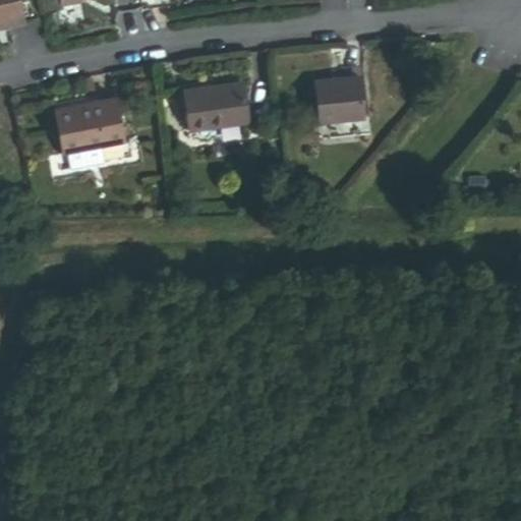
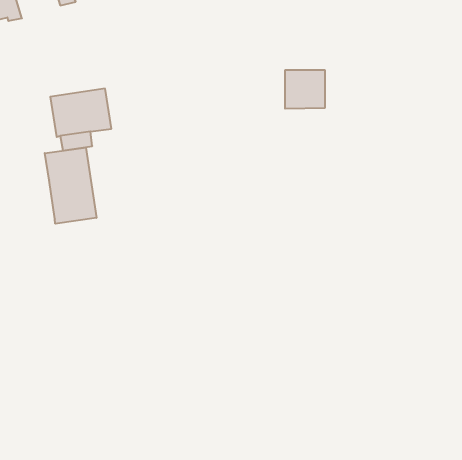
building: [188,79,248,130] -> none
building: none -> [45,147,96,224]

